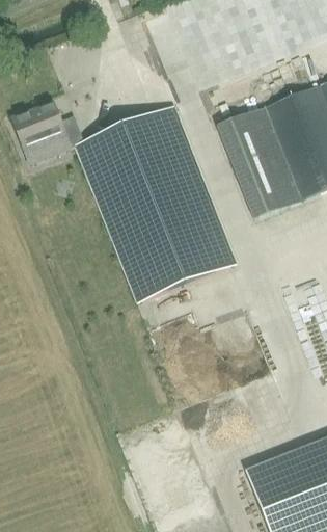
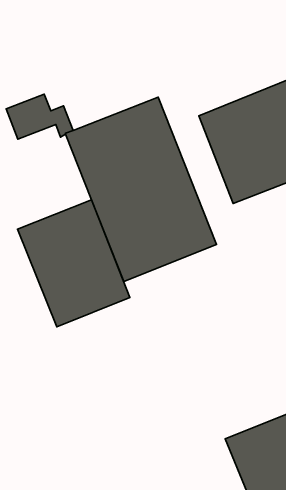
building: none -> [17,200,130,327]

